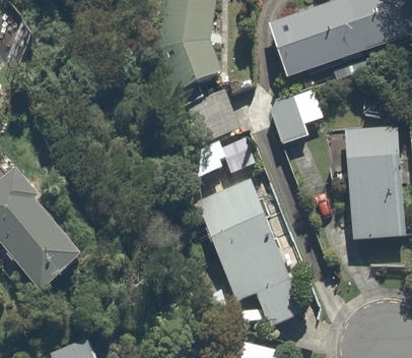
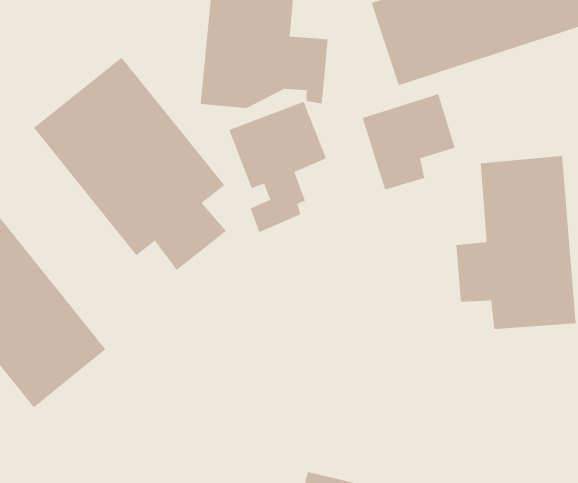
building: none -> [33,57,227,271]
building: [193,178,300,322] -> none

